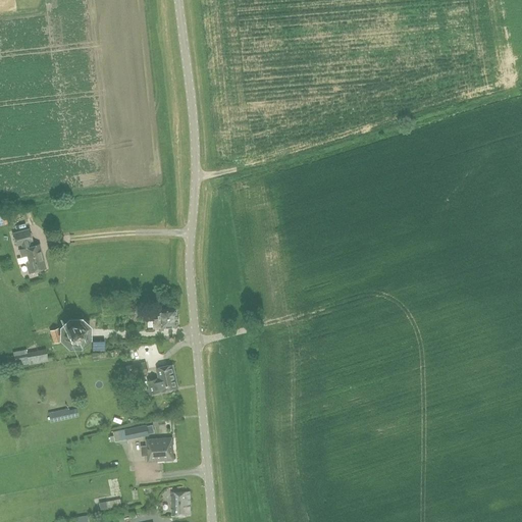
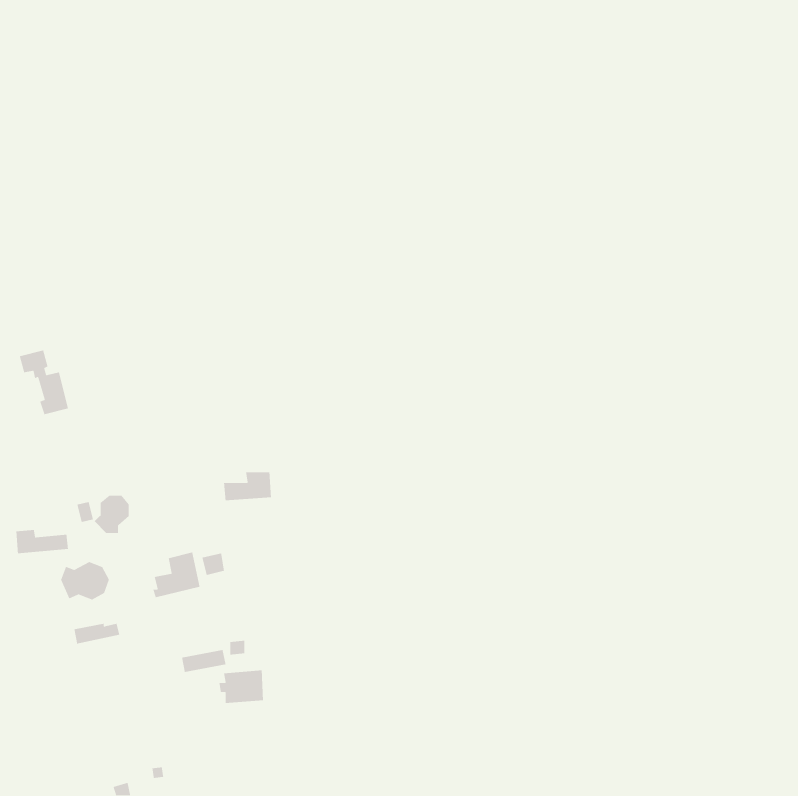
building: [146,363,177,394] -> [152,551,201,598]
building: none -> [60,561,110,601]
building: [171,490,190,515] -> none

